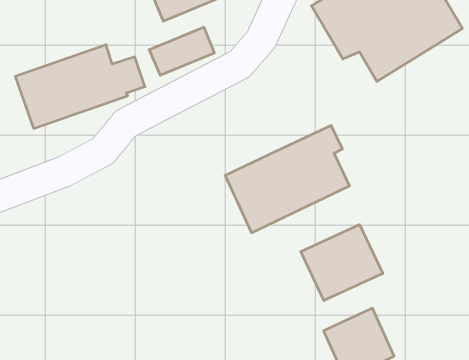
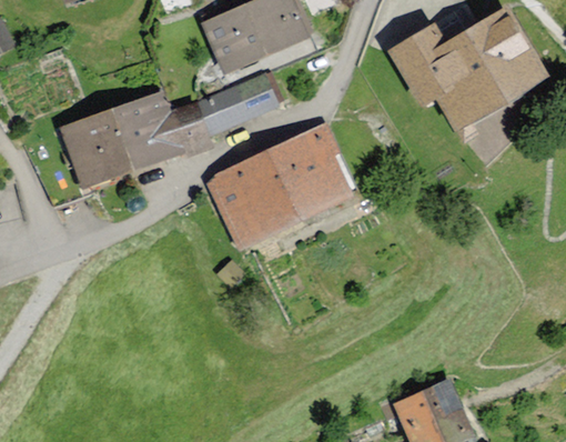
building: [225,125,350,233] -> [209,127,344,243]
building: [301,225,383,301] -> none

